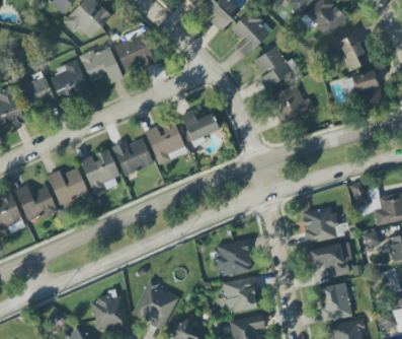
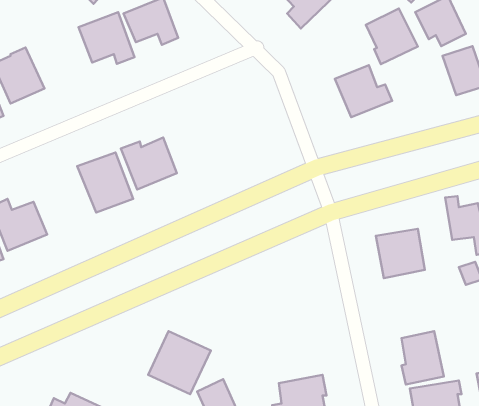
building: [254,47,293,88] -> [366,8,418,64]
building: [50,62,89,100] -> none
building: [182,111,218,146] -> none
building: [147,120,186,163] -> none
building: [48,167,89,205] -> none
building: [215,240,252,276] -> none
building: [309,242,352,278] -> none
building: [219,277,258,314] -> none
building: [91,293,129,332] -> none

